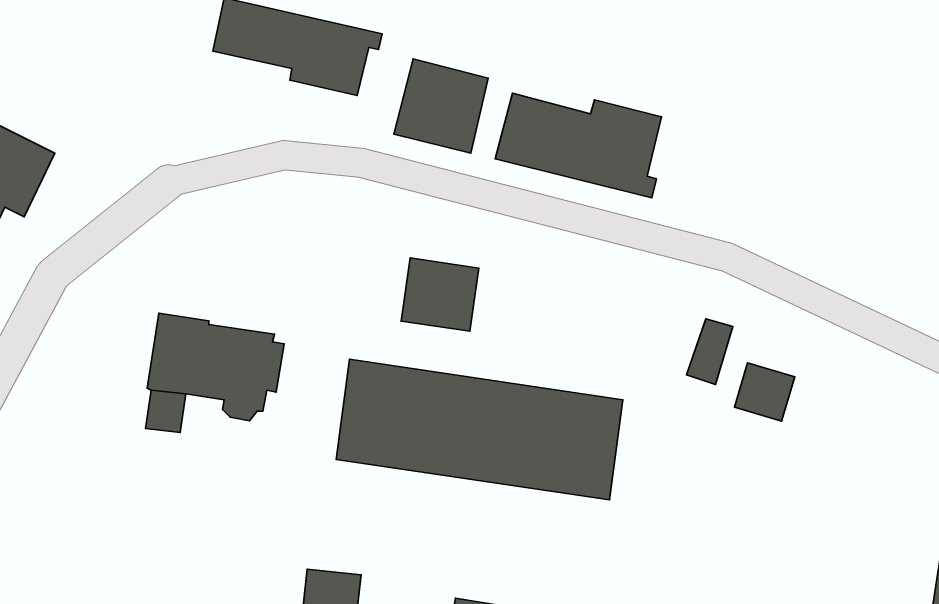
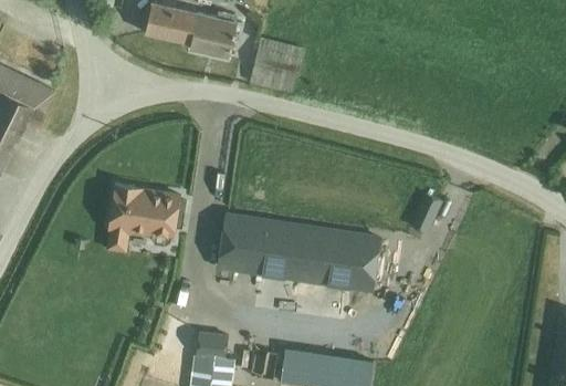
building: [495,93,661,198] -> none
building: [401,258,479,331] -> none
building: [734,363,795,421] -> none

